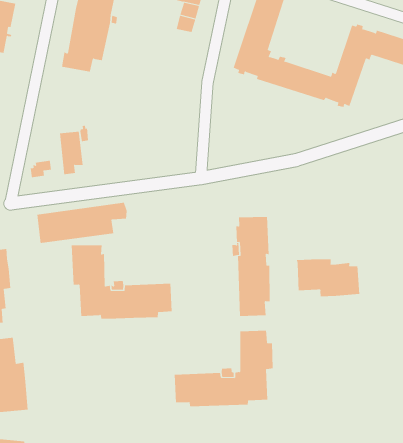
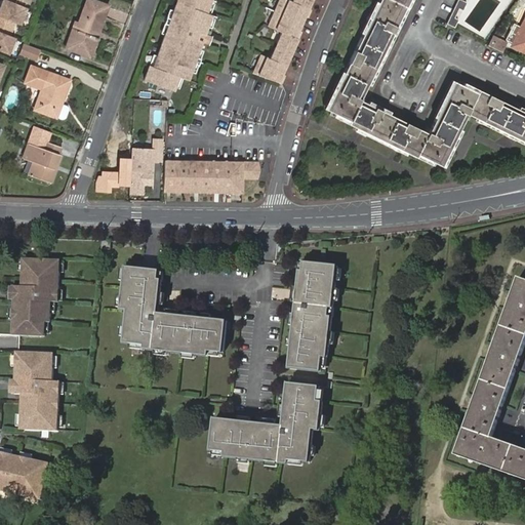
building: none -> [252,53,285,81]
building: [36,202,128,243] -> [163,159,259,191]
building: [296,259,360,297] -> none

